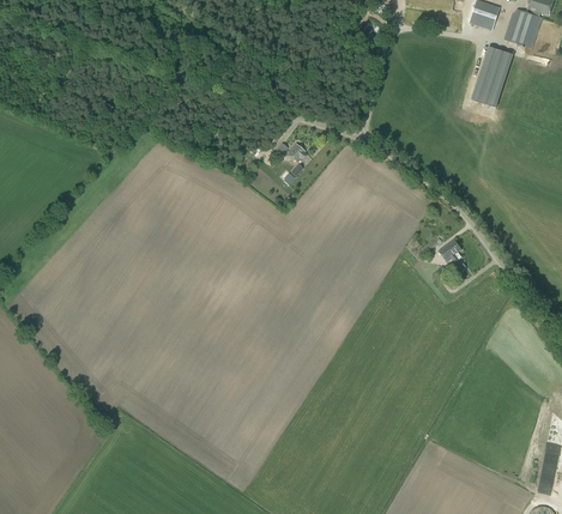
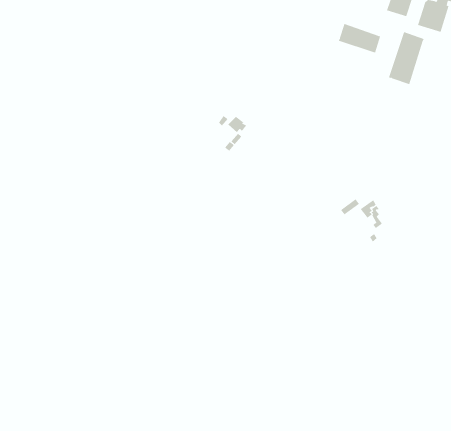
building: none -> [338,23,381,53]

